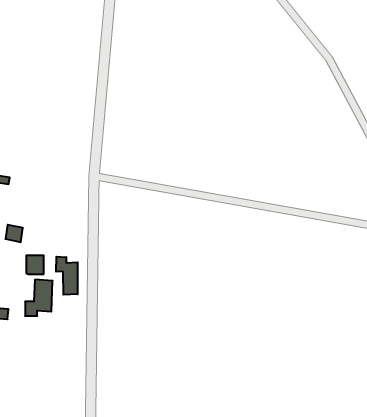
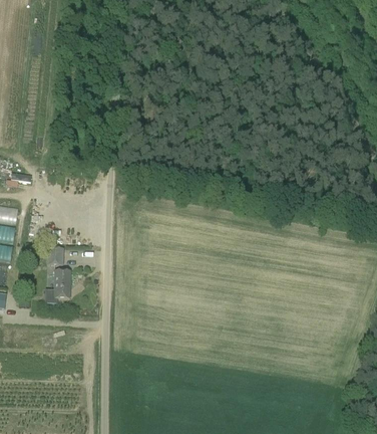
building: [56,257,78,295] -> none

